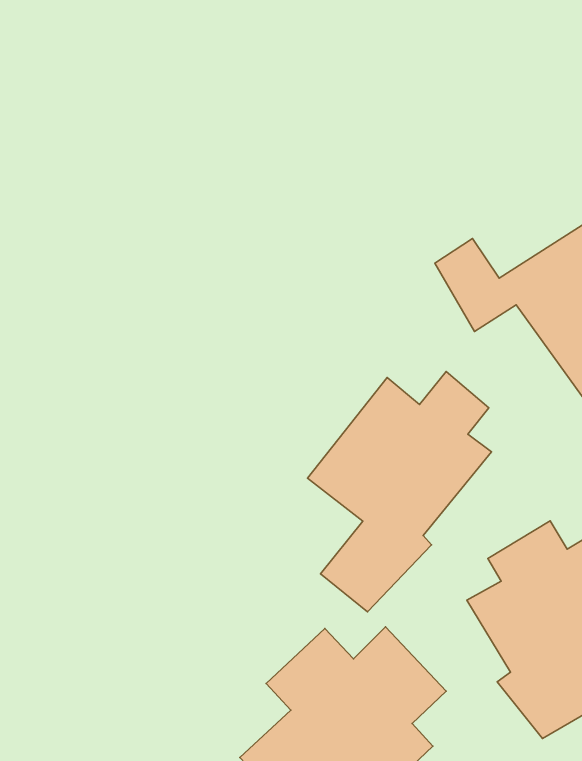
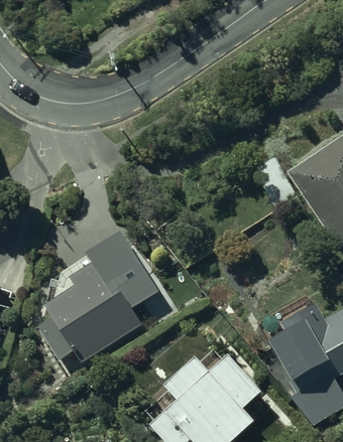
building: [308,372,492,612] -> none
building: none -> [38,234,157,359]

